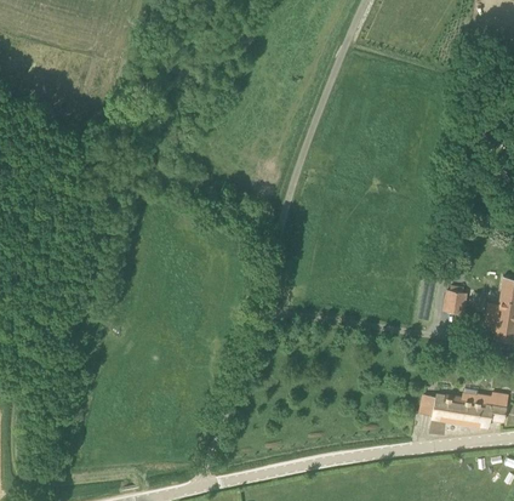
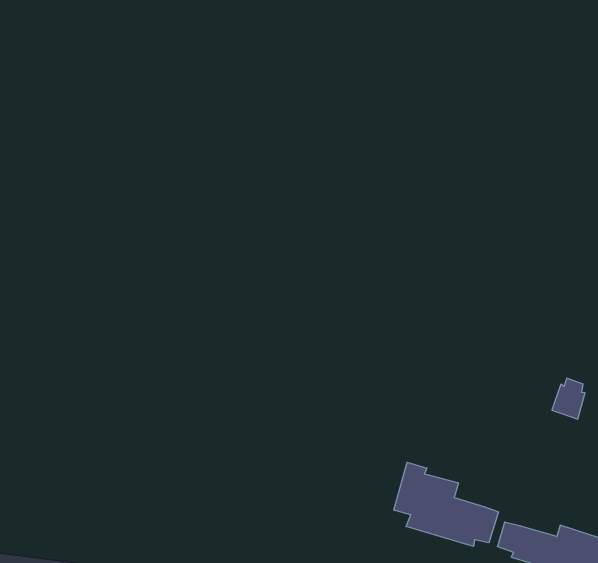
building: none -> [394,462,498,546]

